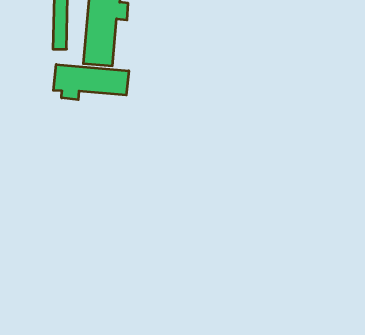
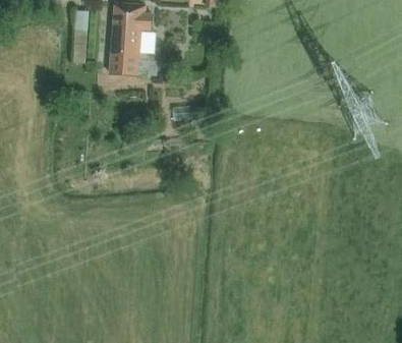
building: [53,64,129,100] -> none

